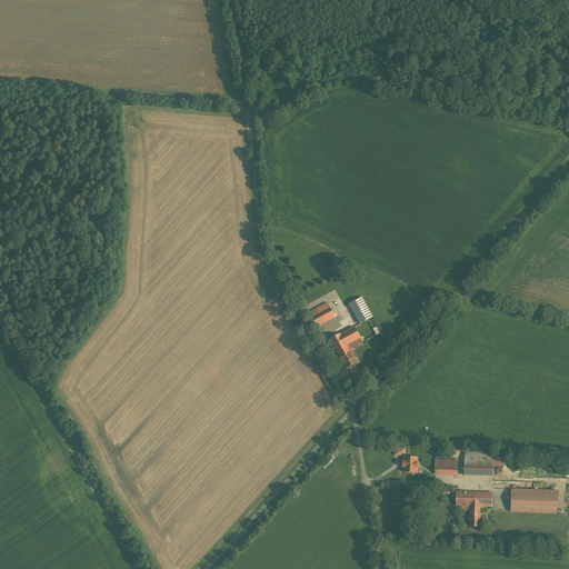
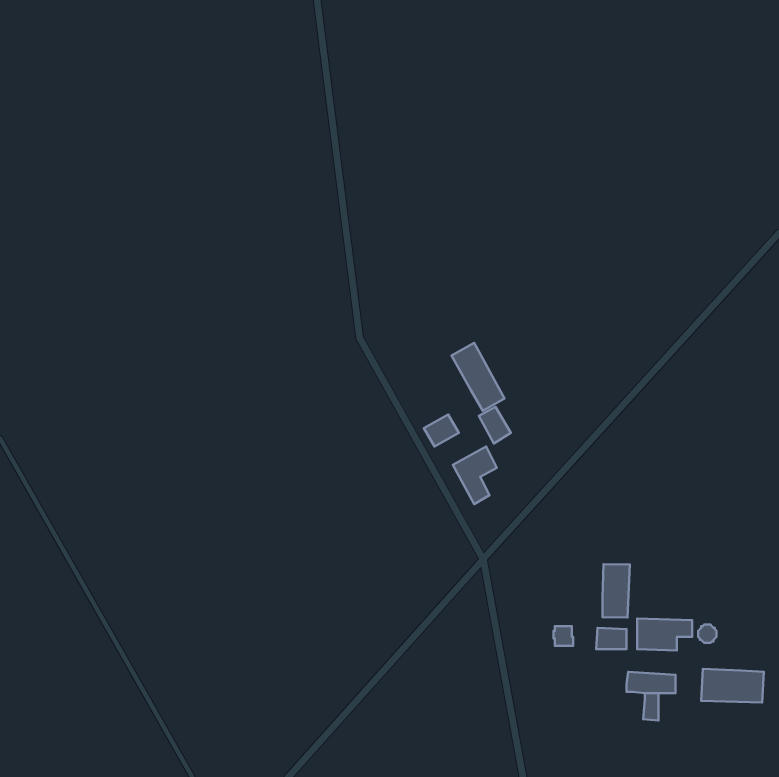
building: none -> [452,343,504,411]
building: none -> [603,564,630,618]

